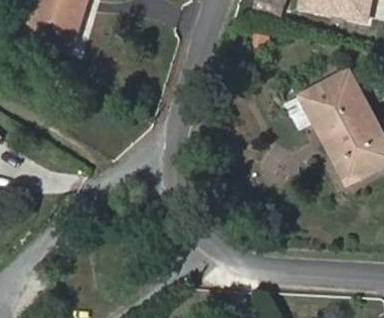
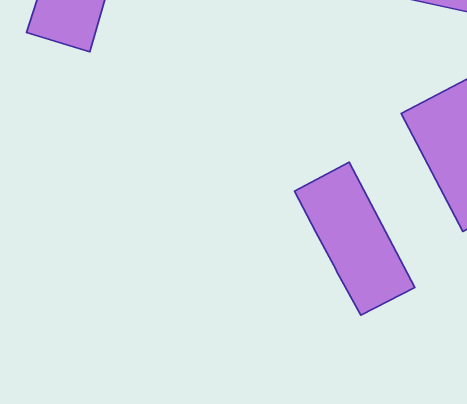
building: none -> [295,162,415,315]

